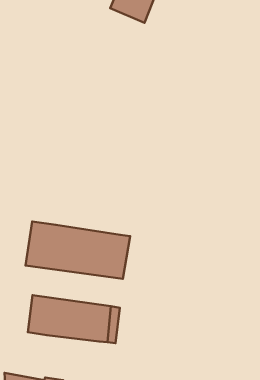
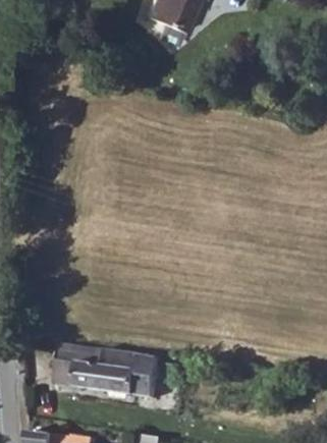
building: [26,222,130,279] -> none

